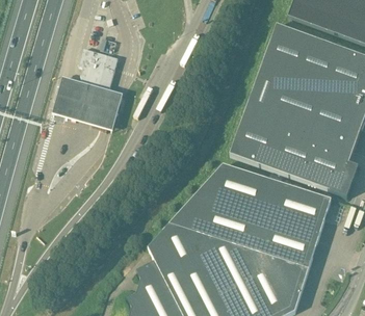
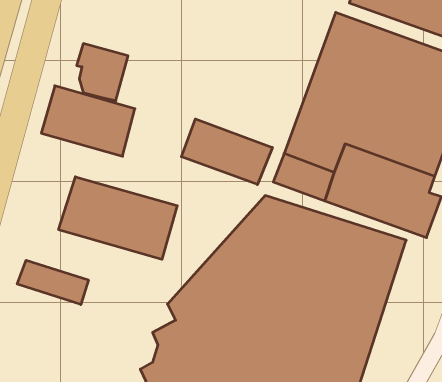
building: none -> [181,119,272,185]
building: none -> [59,177,177,259]
building: none -> [17,260,88,305]

